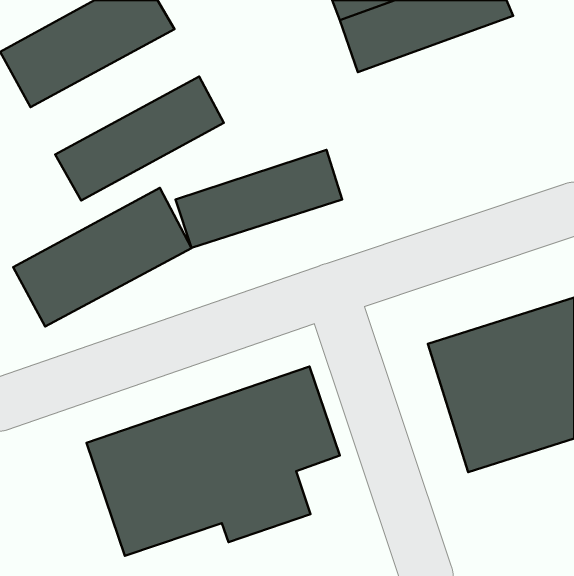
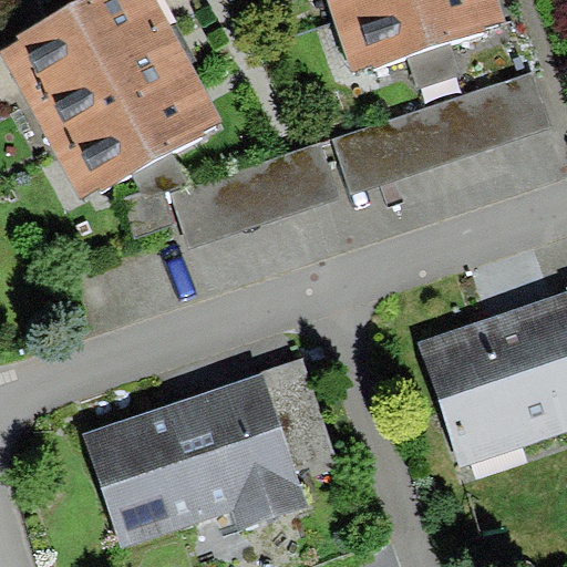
building: none -> [30,29,196,152]
building: none -> [331,70,551,195]
building: [13,188,191,326] -> none

